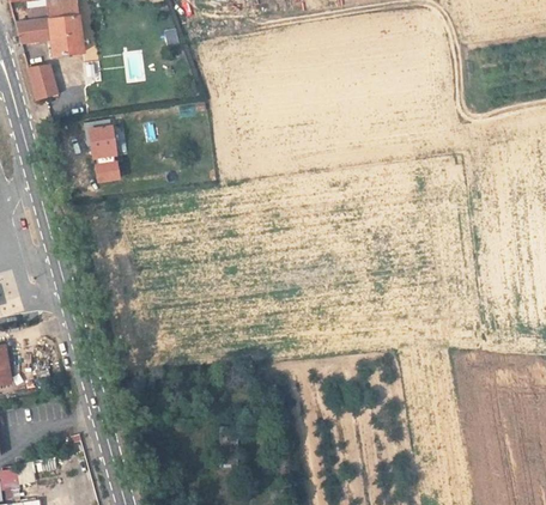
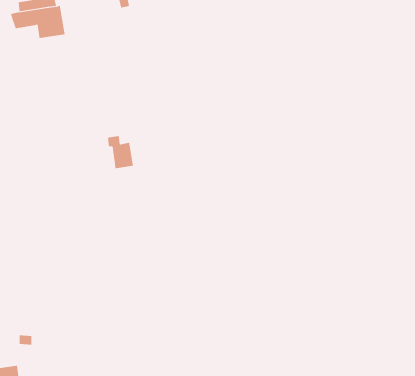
building: [30,75,60,109] -> none
building: [89,128,122,170] -> [107,136,134,169]

